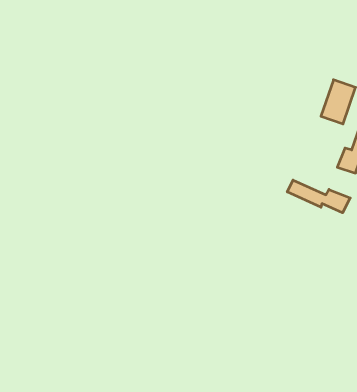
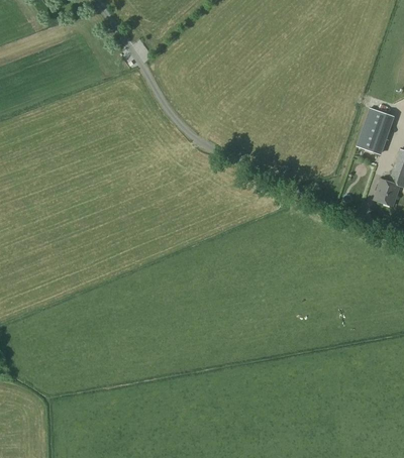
building: [287,180,350,213] -> none

